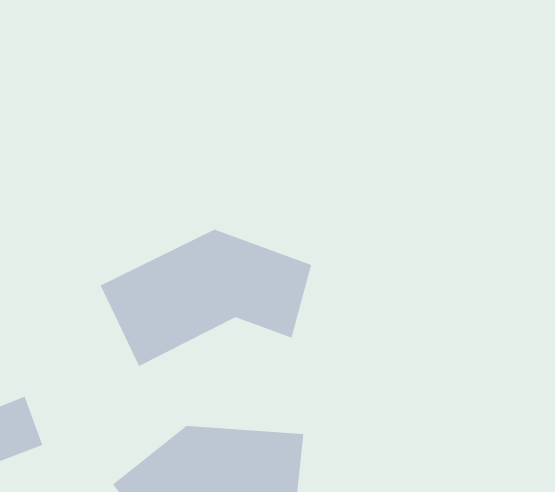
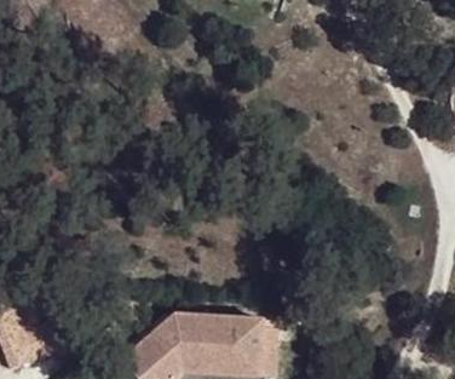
building: [100,229,312,367] -> none

